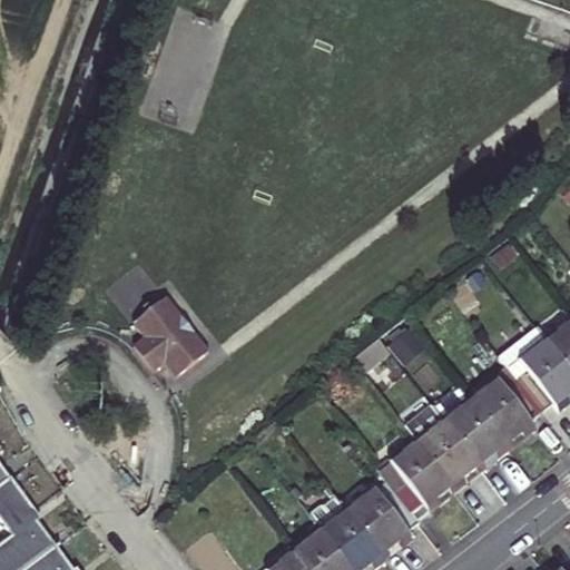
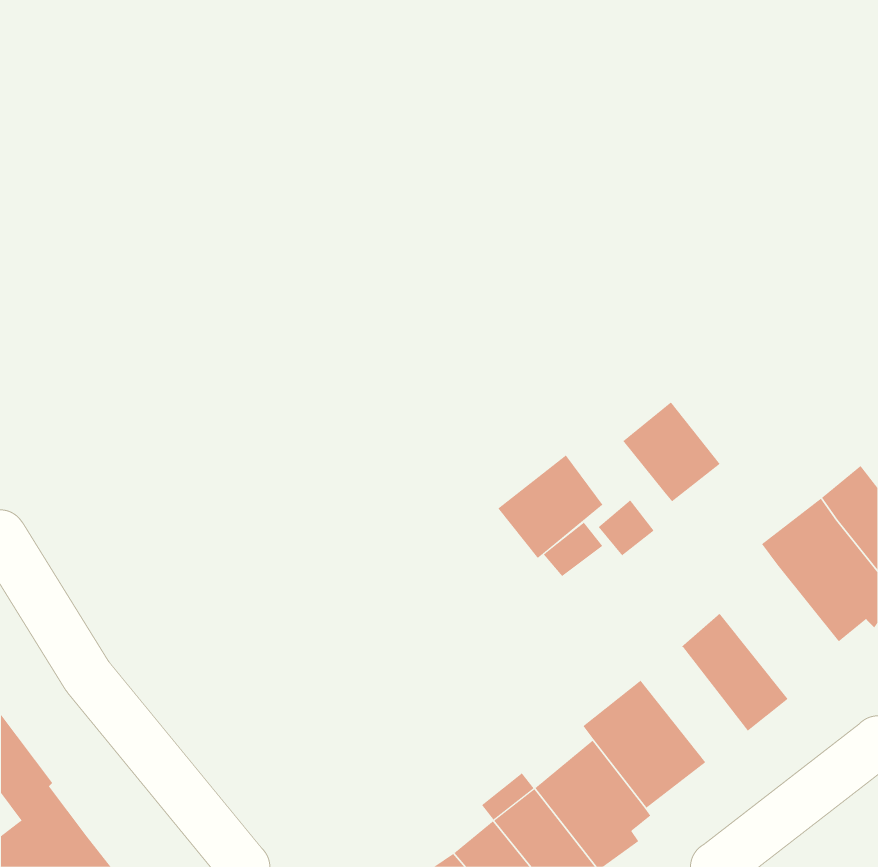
building: none -> [622,402,721,502]
building: none -> [498,455,604,559]
building: [131,299,208,377] -> none
building: [466,366,543,453] -> none
building: [403,404,484,494] -> none

